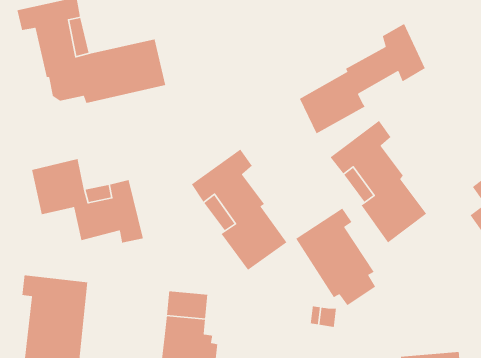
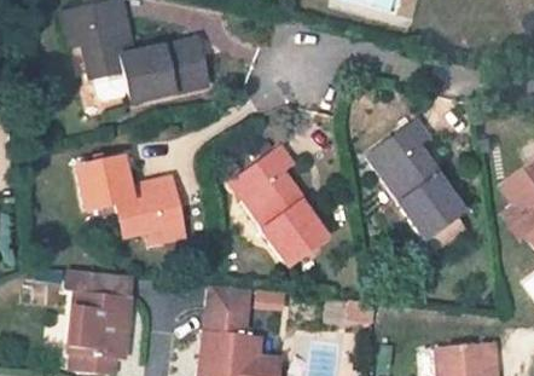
building: [299,23,426,135] -> none
building: [295,207,376,306] -> none

